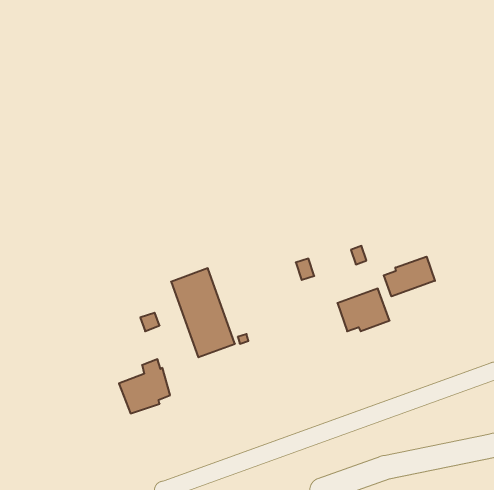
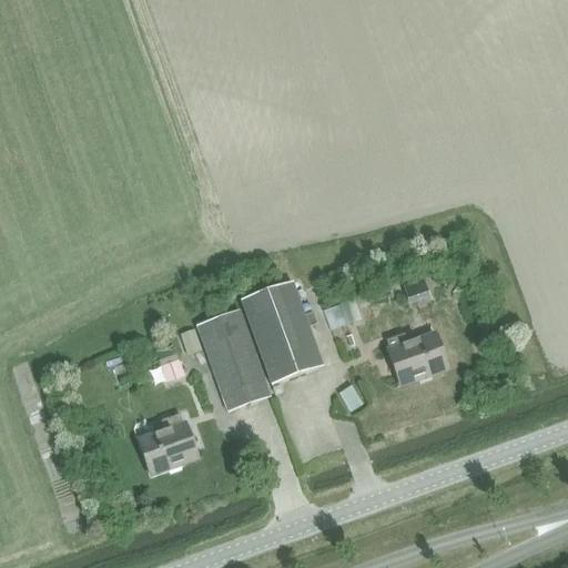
building: none -> [240,280,323,383]
building: [384,257,435,296] -> none

